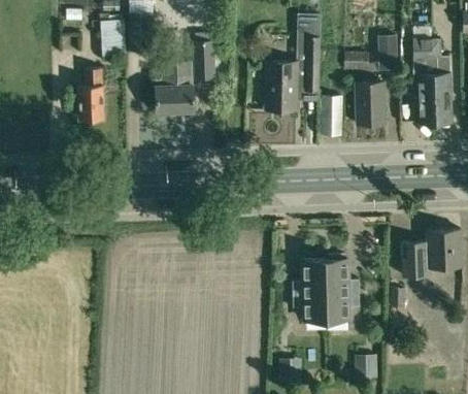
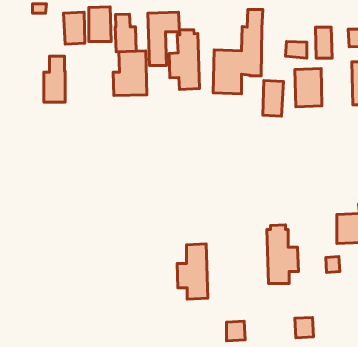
building: none -> [115,14,136,52]
building: none -> [169,30,199,90]
building: [293,260,327,321] -> [177,244,208,299]

